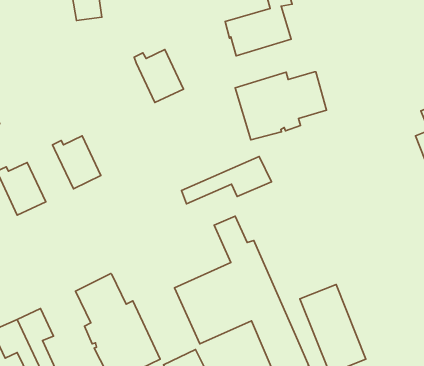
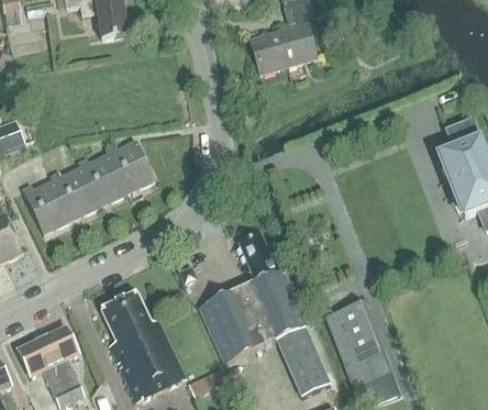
building: [134,50,184,102] -> [104,141,154,193]
building: [235,72,327,140] -> none
building: none -> [49,167,98,220]
building: [182,156,271,204] -> none

